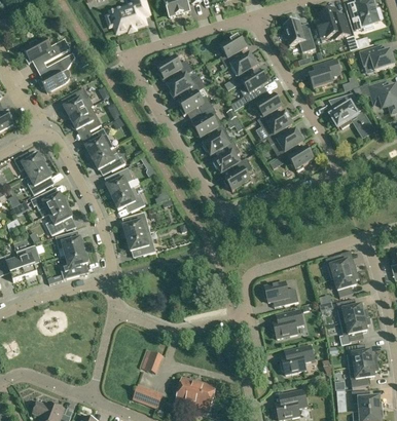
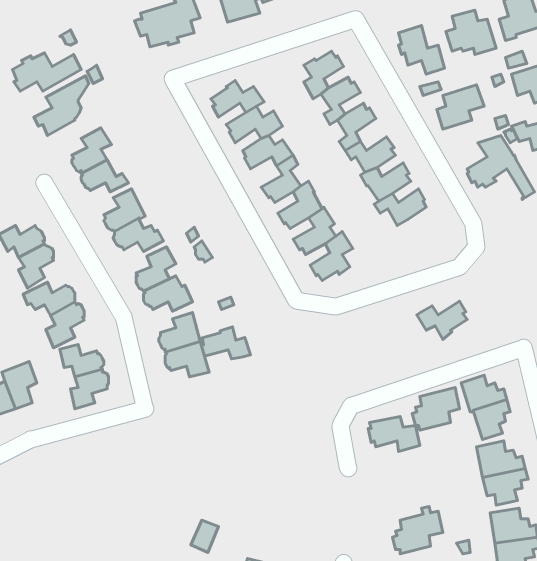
building: [280,146,314,171] -> [417,301,467,339]
building: none -> [201,327,250,359]
building: [272,309,303,338] -> [412,387,460,430]

